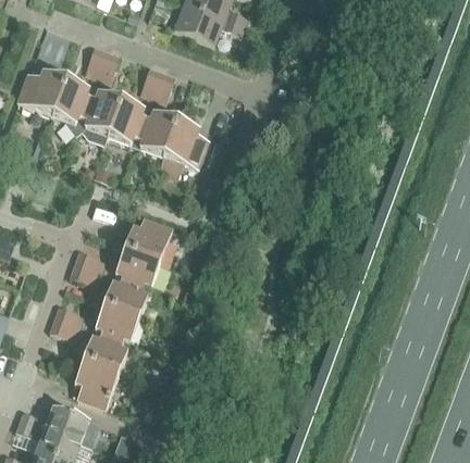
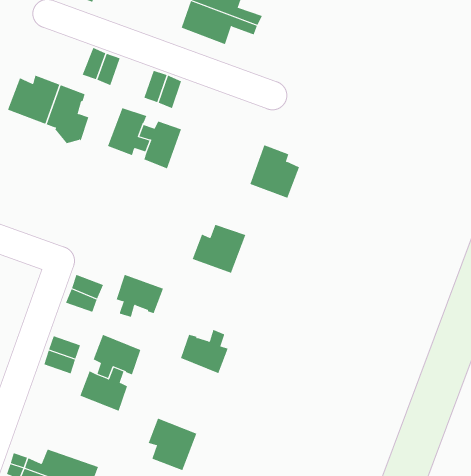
building: [82,90,121,142] -> none
building: [162,118,208,167] -> [249,144,300,199]
building: [123,217,172,262] -> [192,224,246,274]
building: [103,277,147,317] -> [180,329,228,374]
building: [74,359,119,406] -> [148,418,197,471]

